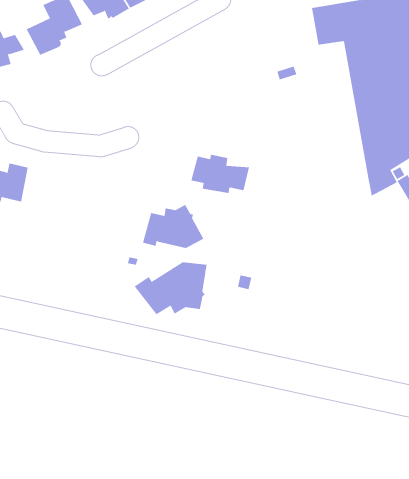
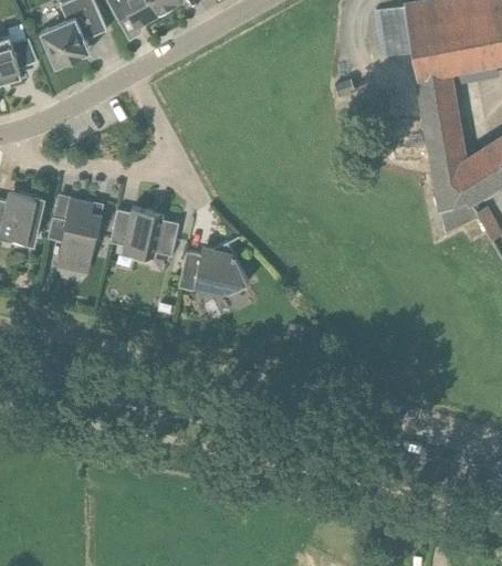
building: [191,154,250,194] -> [109,207,179,253]
building: none -> [48,198,102,266]
building: [134,262,207,315] -> none

